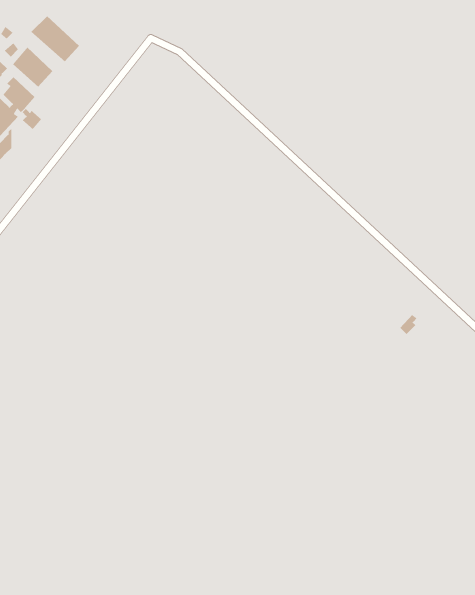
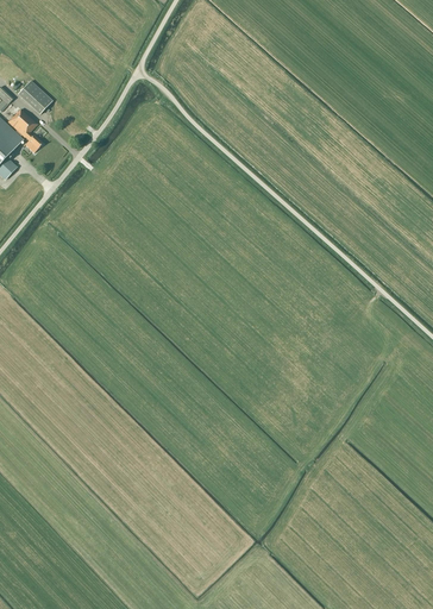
building: [31,16,80,62] -> none

